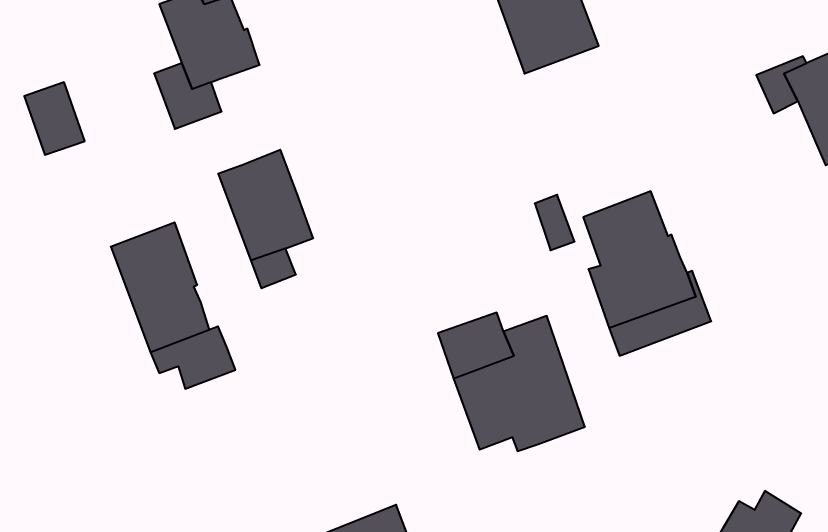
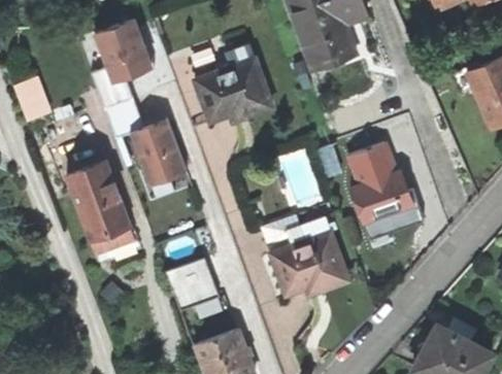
building: none -> [195,43,273,123]
building: none -> [104,95,144,137]
building: none -> [165,258,220,312]

